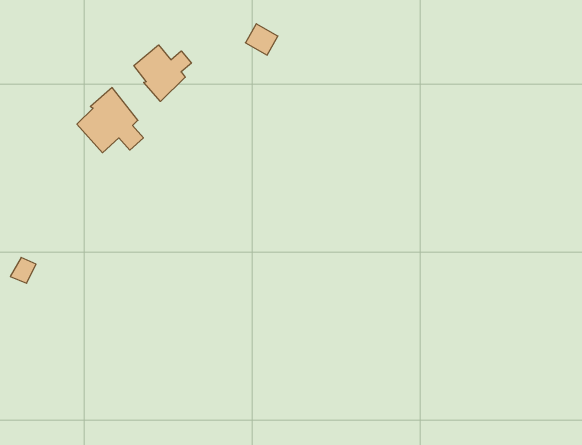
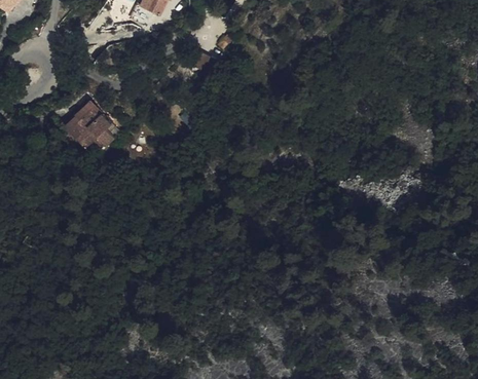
building: [134,45,191,101] -> none

